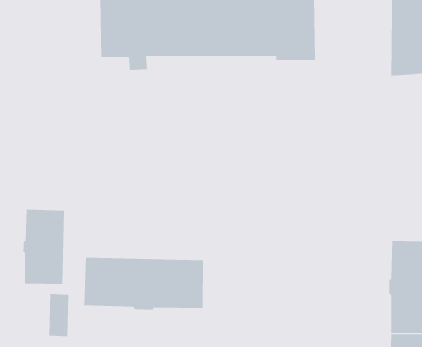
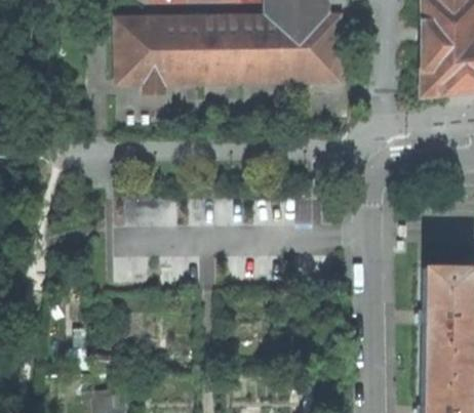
building: [23,209,65,285] -> none
building: [84,257,204,310] -> none

